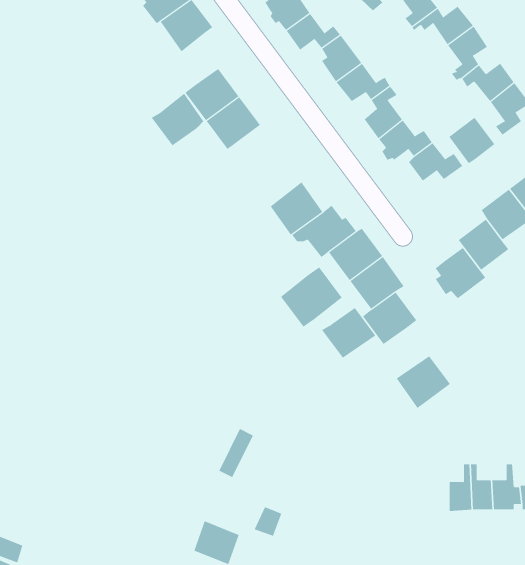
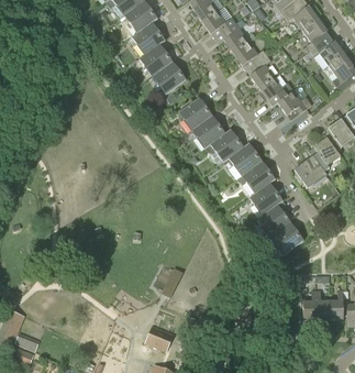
building: [151,93,204,146] -> [131,22,164,55]
building: [448,117,495,164] -> none
building: none -> [178,97,211,130]
building: [280,266,343,328] -> none
building: [321,307,376,359] -> [256,205,290,237]

